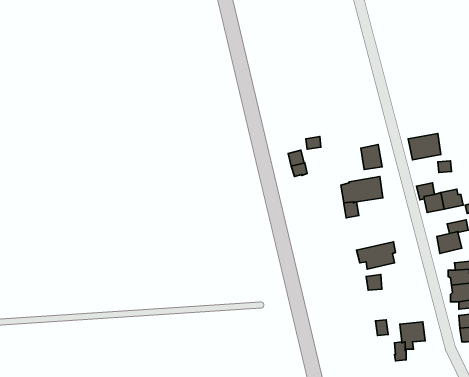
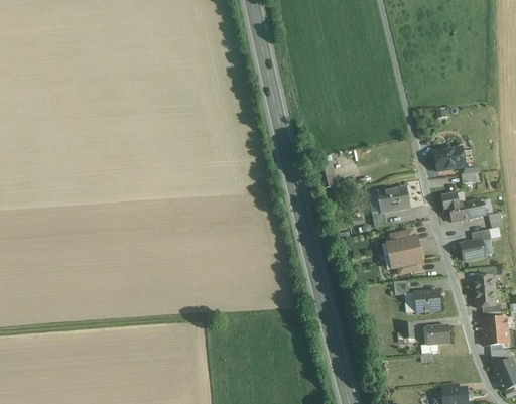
building: [361,145,382,170] -> none
building: none -> [381,230,419,257]
building: none -> [413,290,440,311]

